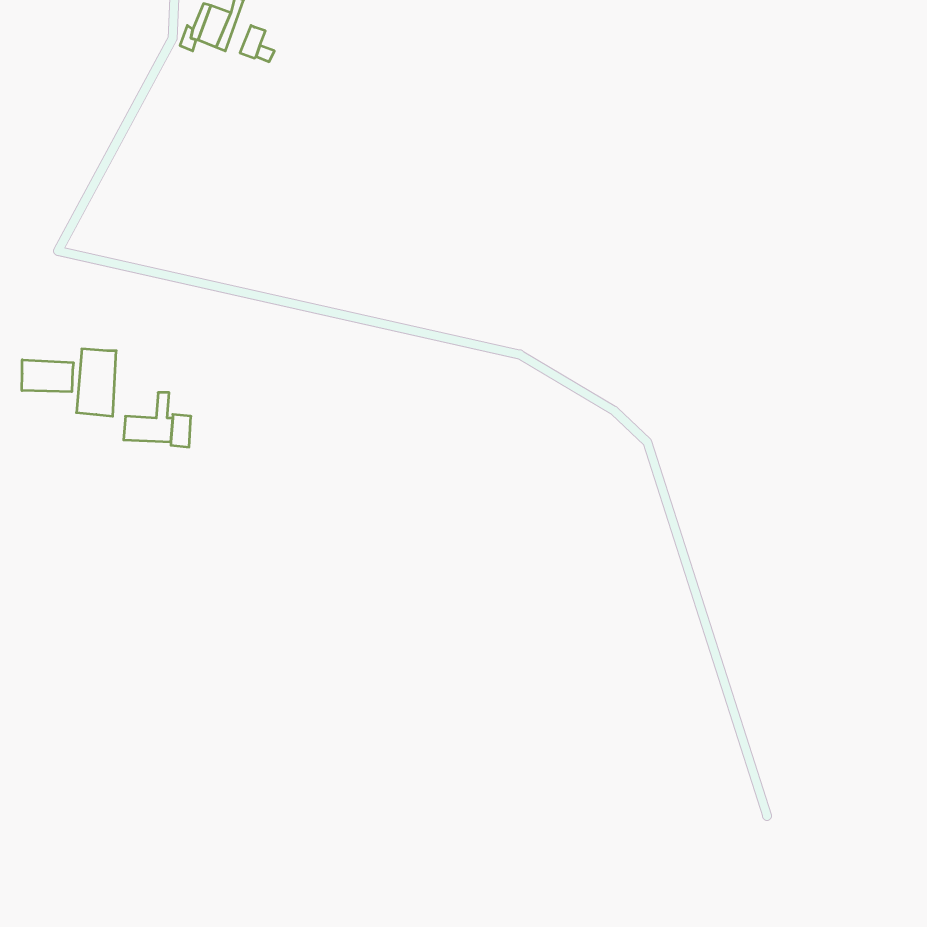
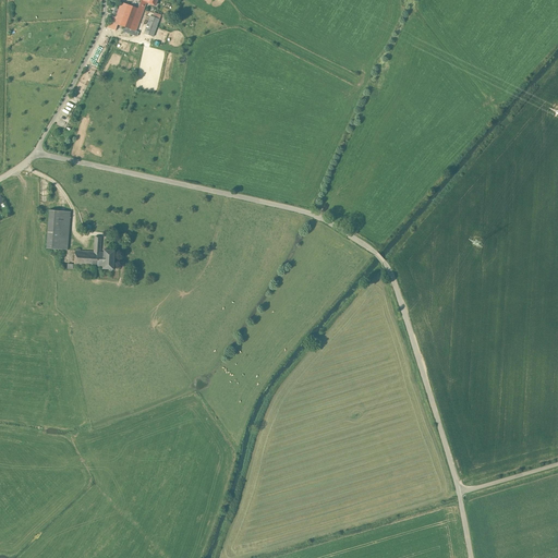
building: [22,360,73,392] -> none

